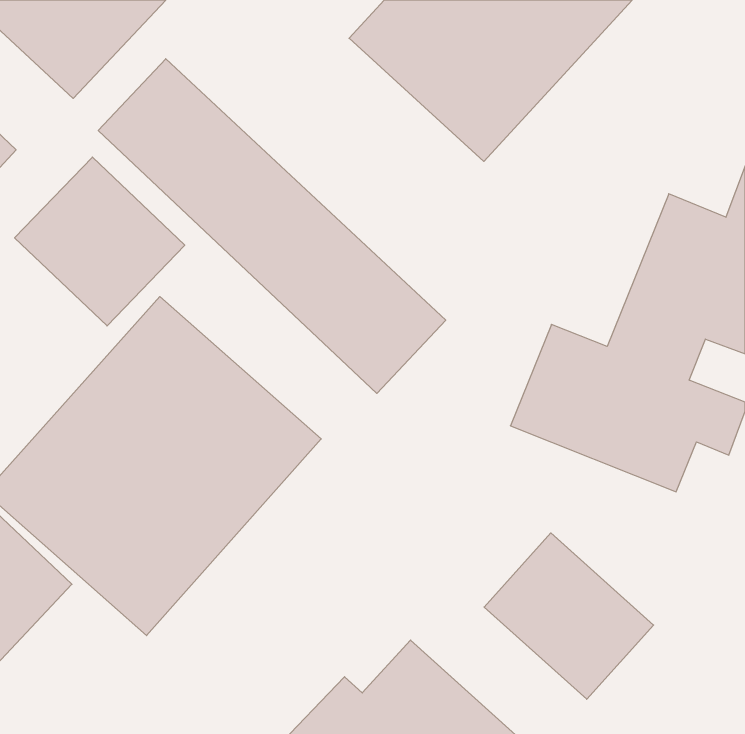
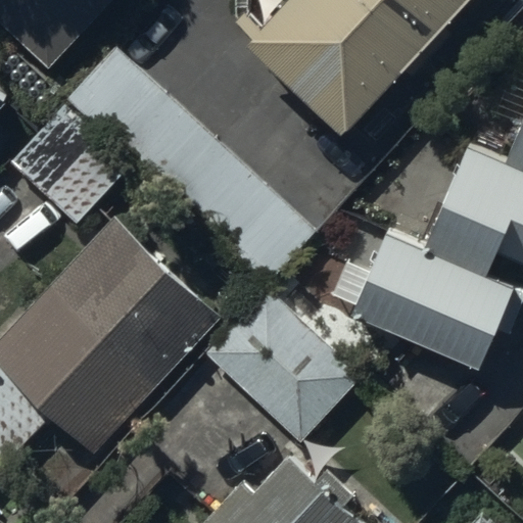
building: none -> [203,287,360,440]
building: [484,533,654,699] -> none

